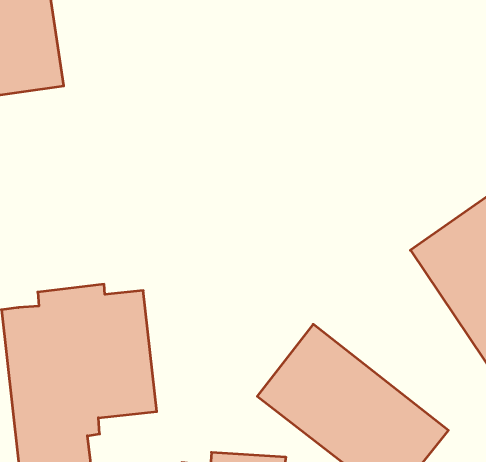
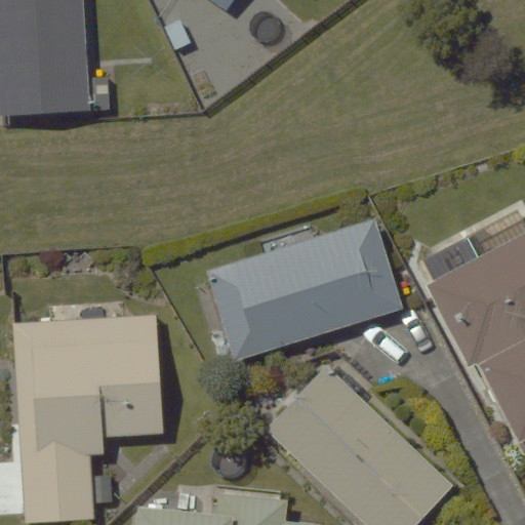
building: none -> [202,215,403,364]

